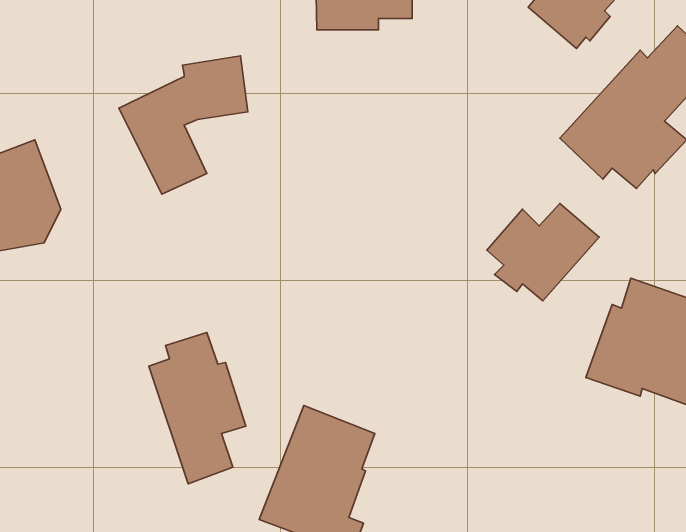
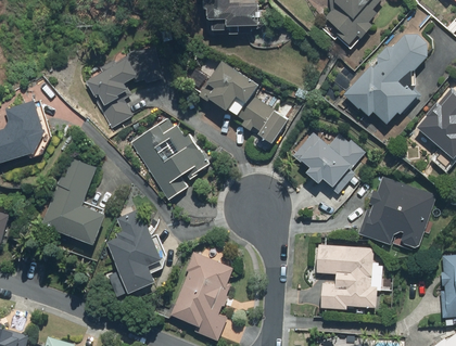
building: none -> [188,60,291,142]
building: none -> [130,115,211,197]
building: none -> [40,154,105,244]
building: none -> [315,243,382,309]

